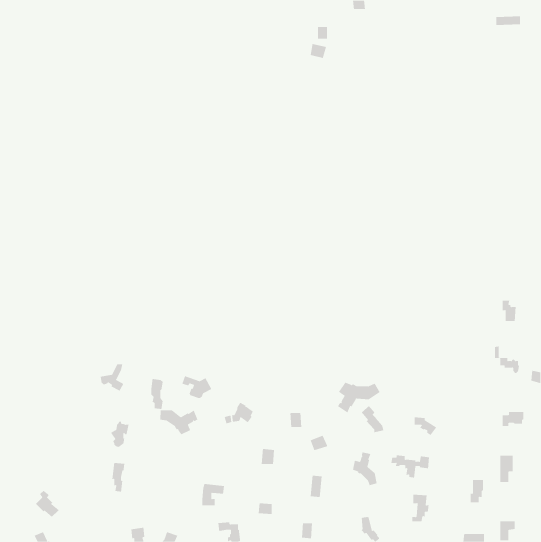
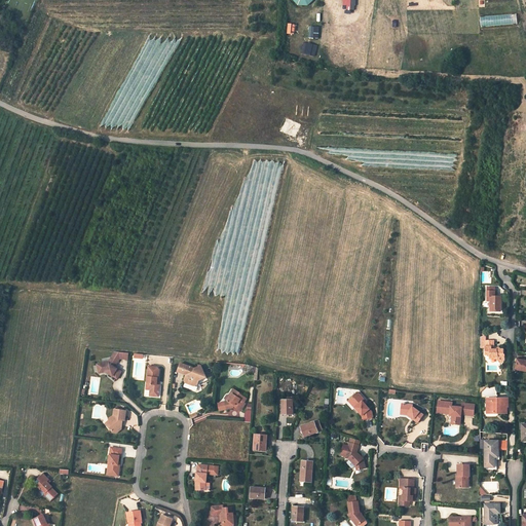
building: [337,382,380,413] -> none
building: [160,410,198,435] -> none
building: [391,455,430,478] -> [436,401,474,423]

